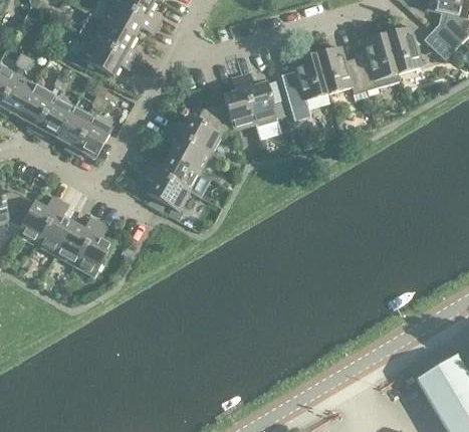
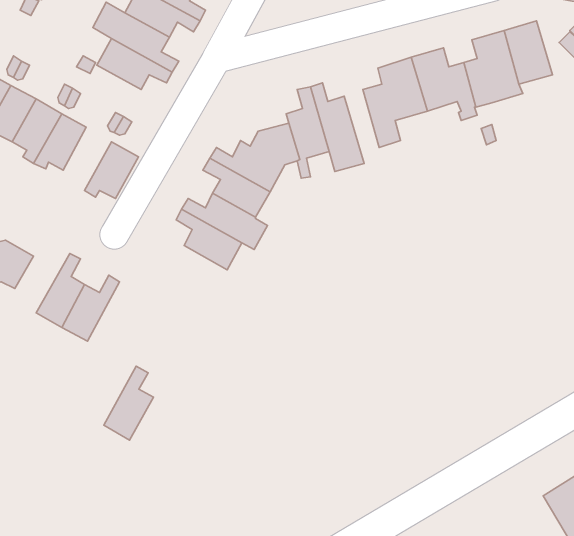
building: [56,104,92,152] -> none
building: [16,194,61,243] -> none
building: [74,220,111,275] -> [104,366,154,440]

